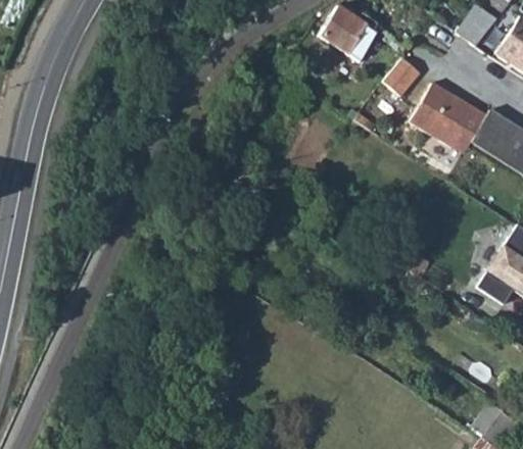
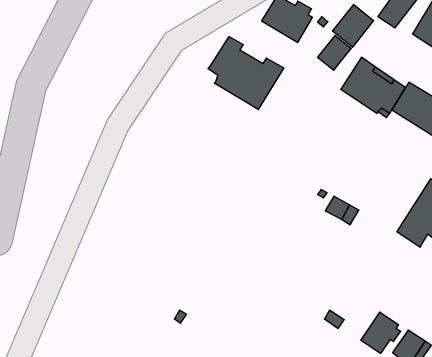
building: none -> [333,4,374,47]
building: none -> [208,37,284,110]
building: none -> [361,312,401,353]

